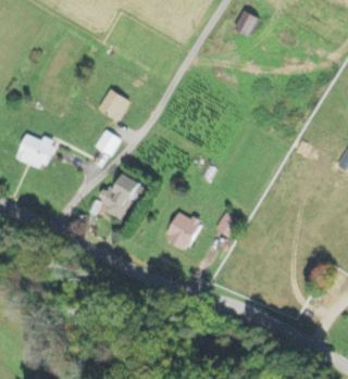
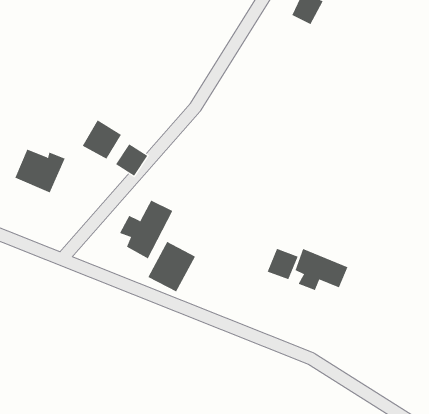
building: [98,88,129,119] -> [82,120,122,160]
building: [163,211,201,251] -> [147,241,196,292]
building: none -> [295,248,348,291]

